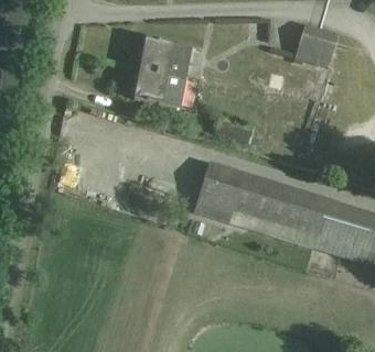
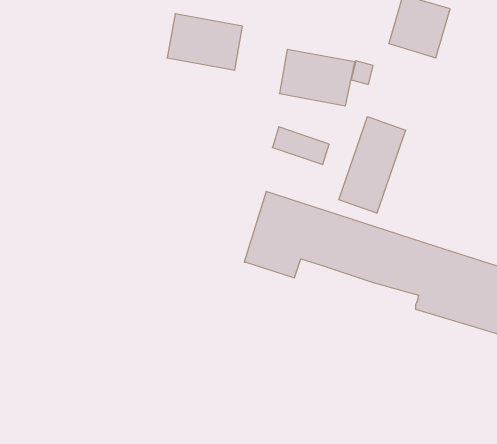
building: [133,69,186,109] -> [279,49,355,106]
building: none -> [339,117,406,213]

